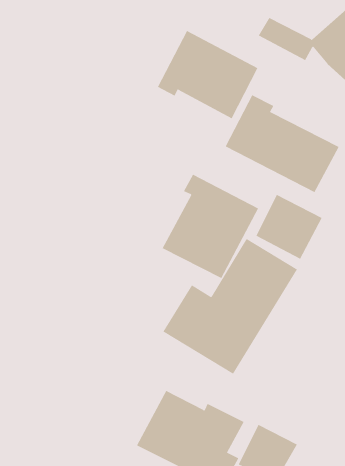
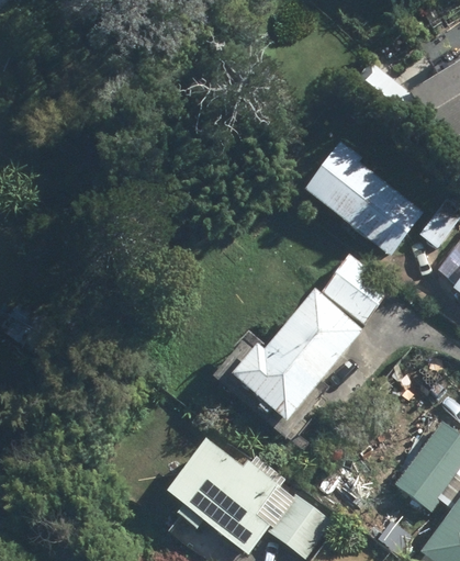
building: [157,30,258,119] -> none
building: [162,174,259,279] -> none

